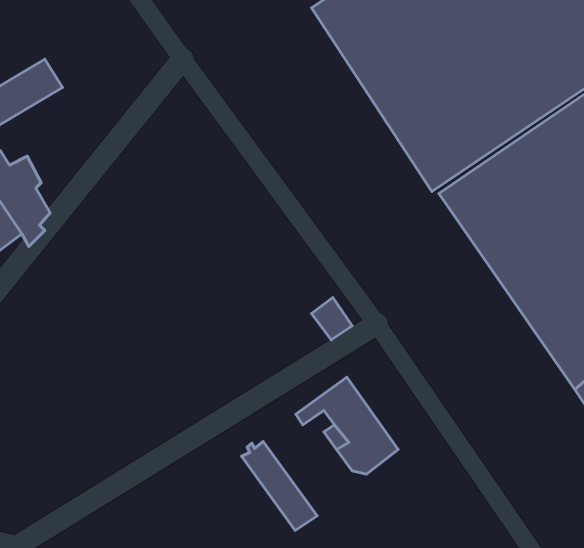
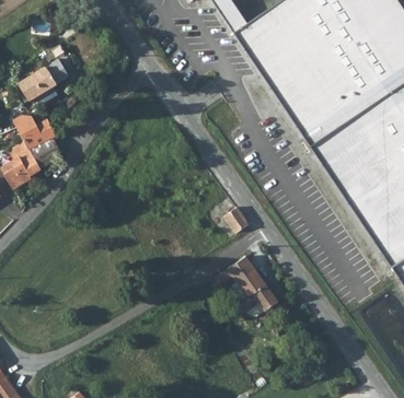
building: [241,442,317,531] -> none

